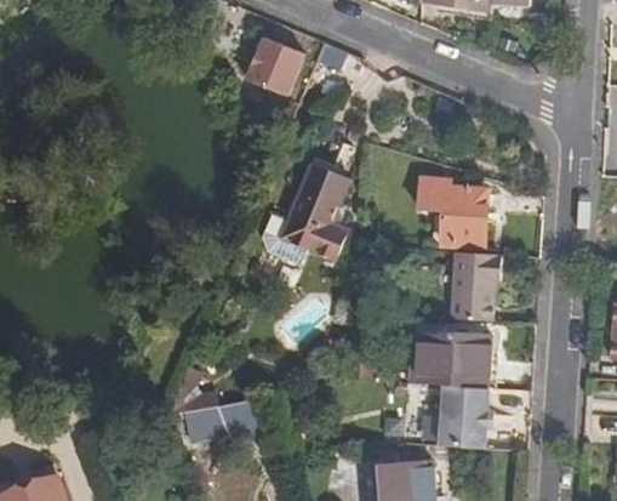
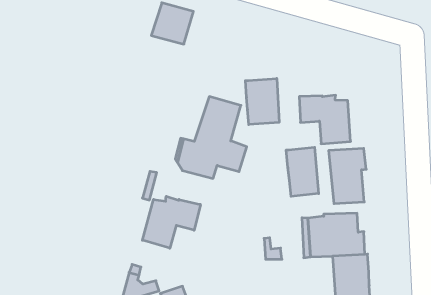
building: none -> [245,78,279,125]
building: none -> [286,147,319,196]
building: none -> [142,196,200,248]

